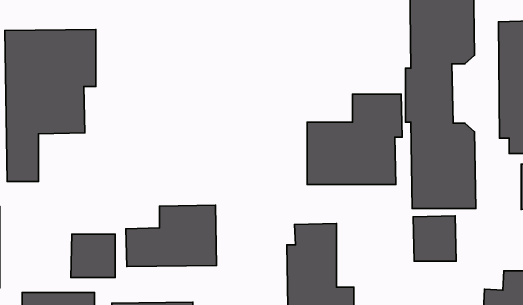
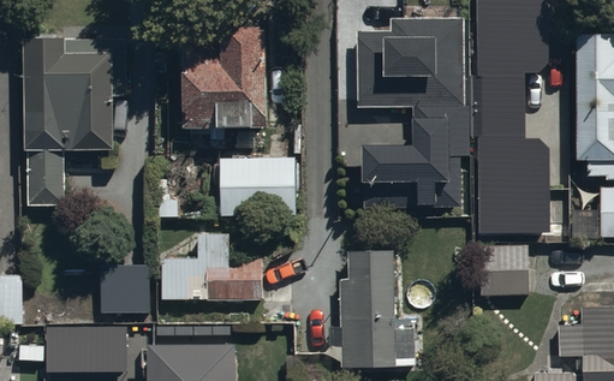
building: none -> [357,18,465,106]
building: none -> [184,20,267,125]
building: none -> [220,156,300,215]

